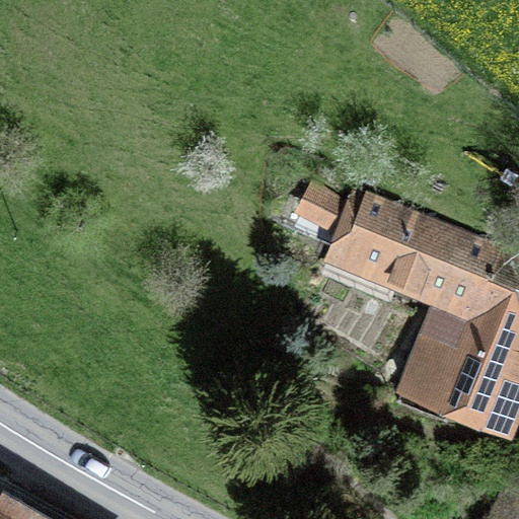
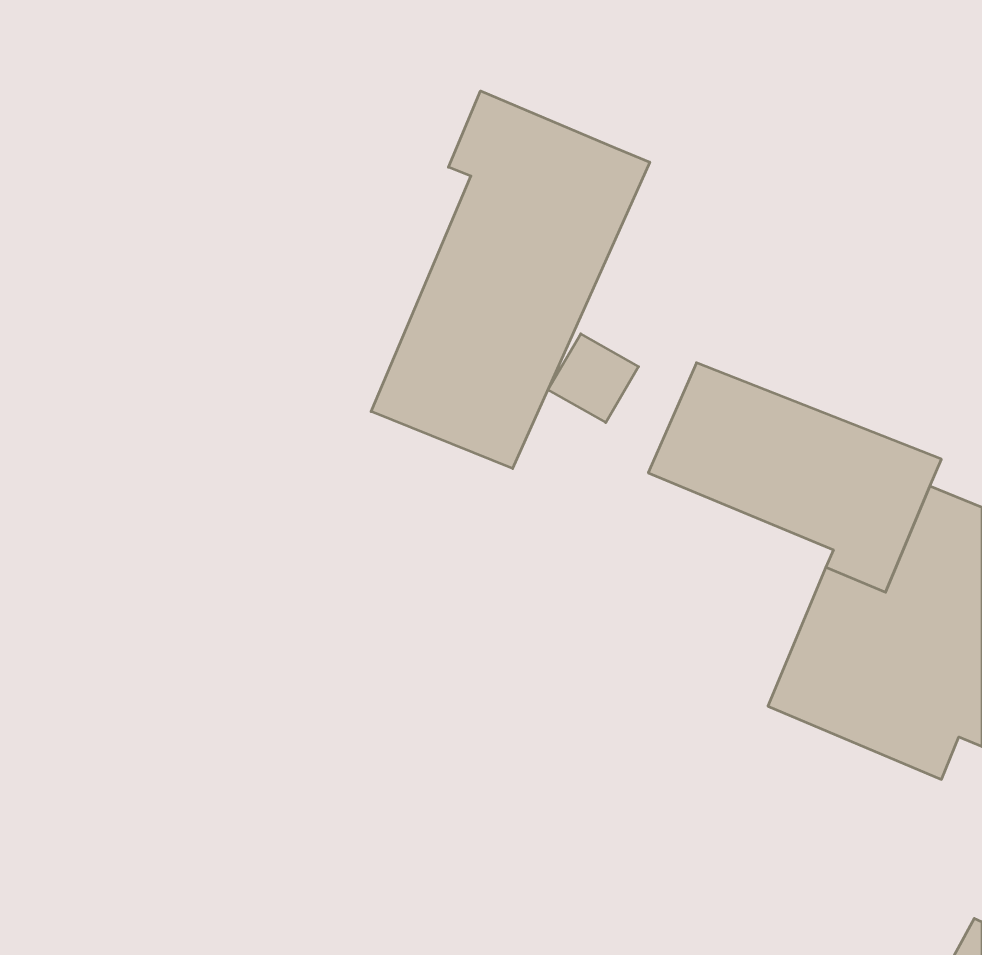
building: none -> [371,91,650,469]

